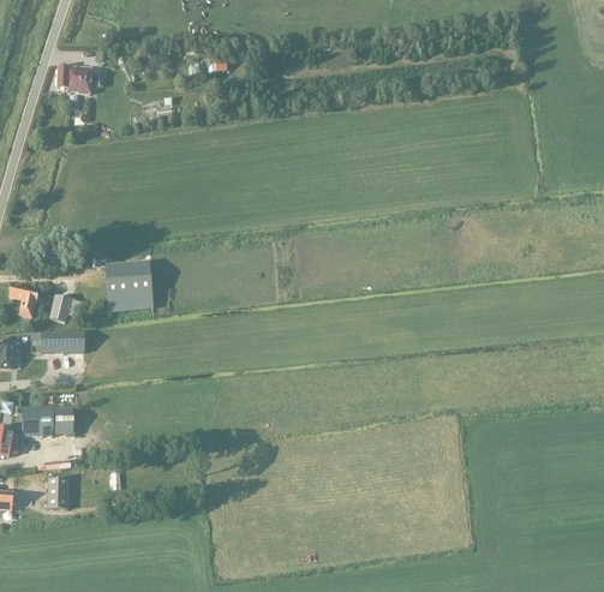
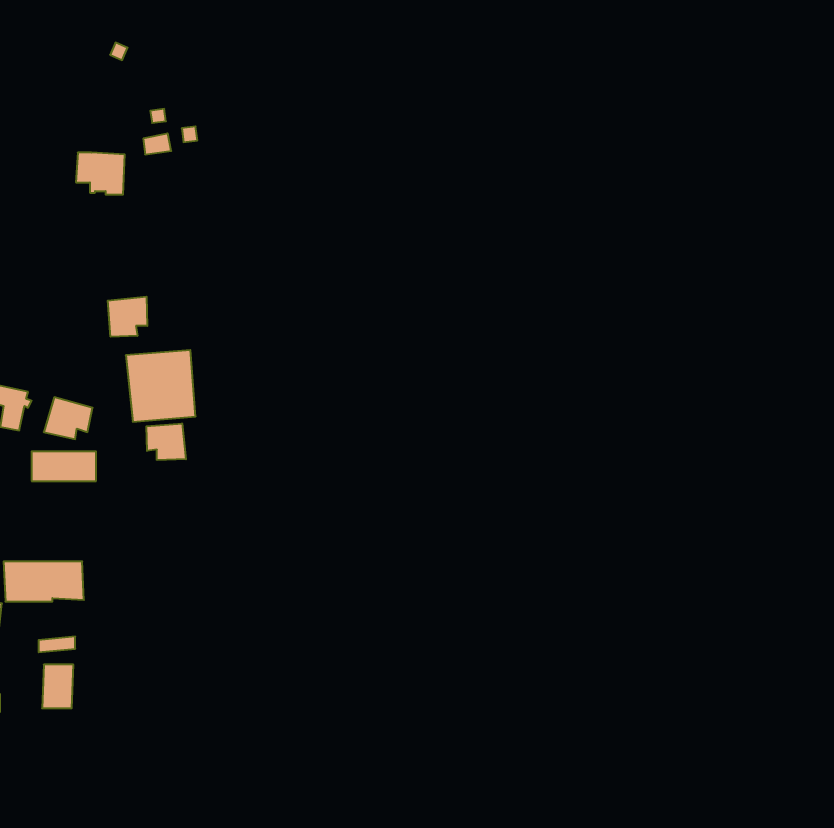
building: [56,66,90,95] -> [76,153,125,195]
building: none -> [108,297,147,337]
building: none -> [146,423,186,460]

